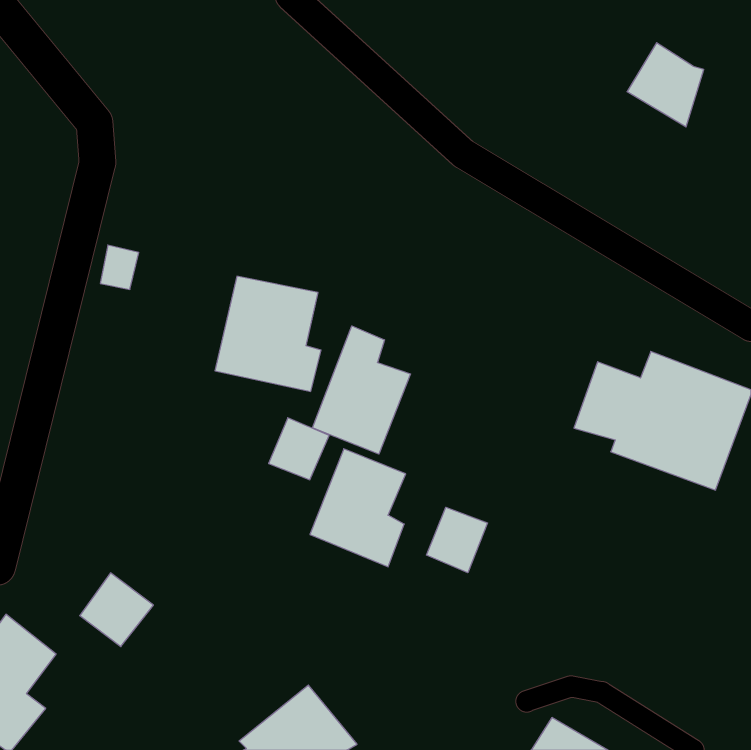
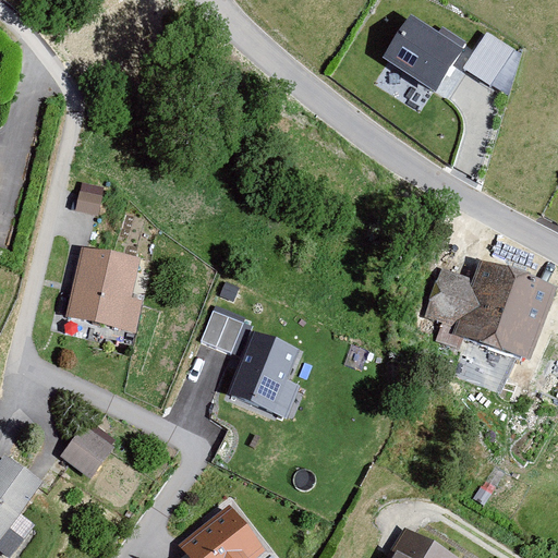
building: none -> [381,14,465,92]
building: [215,276,321,391] -> [63,246,142,331]
building: [313,326,410,454] -> none
building: [427,507,488,573] -> none

